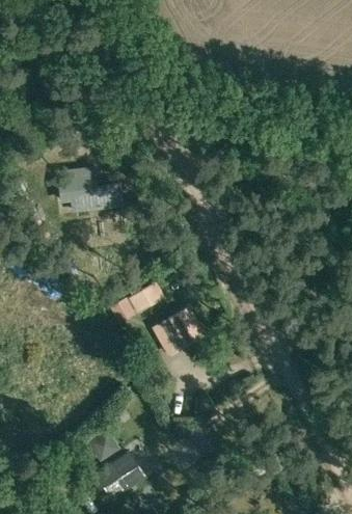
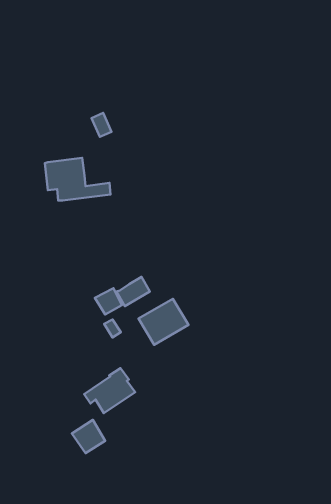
building: [91,451,142,495] -> [84,368,135,413]

